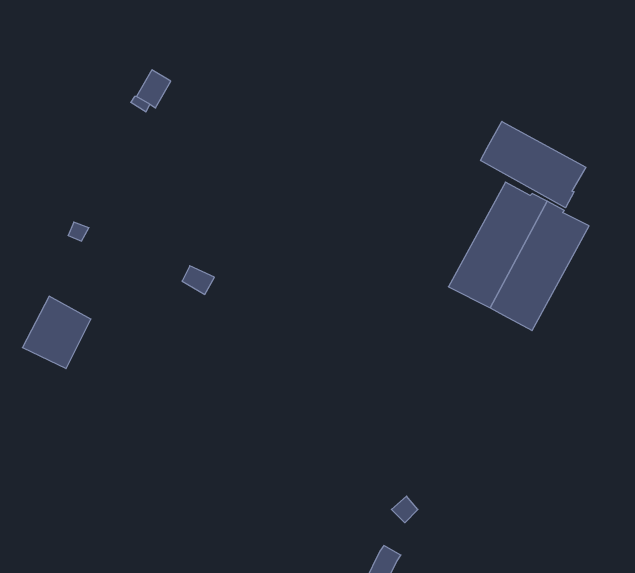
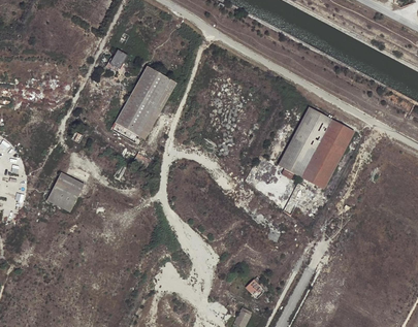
building: none -> [112,63,178,140]
building: [481,121,586,208] -> none

